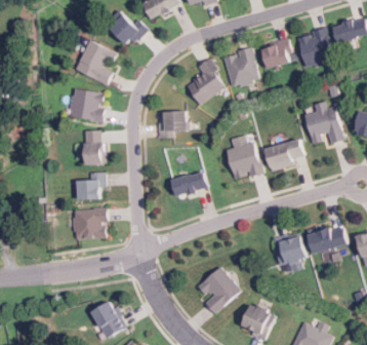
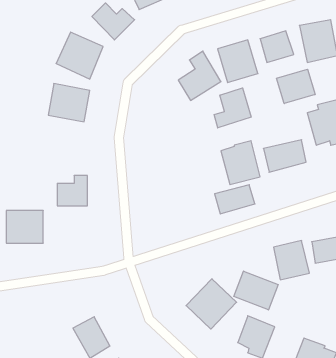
building: none -> [276,69,315,104]
building: none -> [214,88,251,128]
building: [158,111,186,137] -> none
building: [84,129,104,163] -> none
building: [170,170,207,197] -> [215,185,255,214]
building: [73,207,107,237] -> [6,211,43,243]
building: none -> [234,271,278,310]

